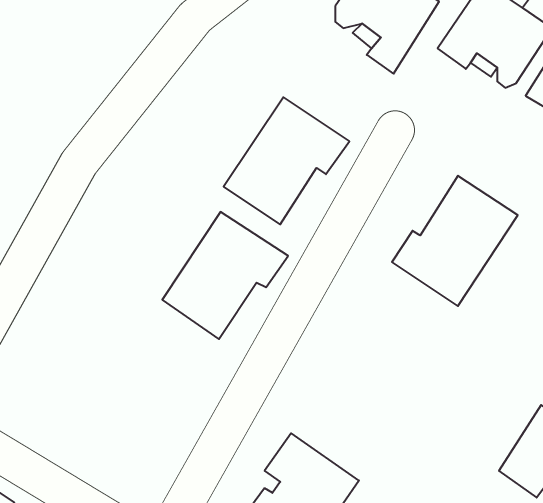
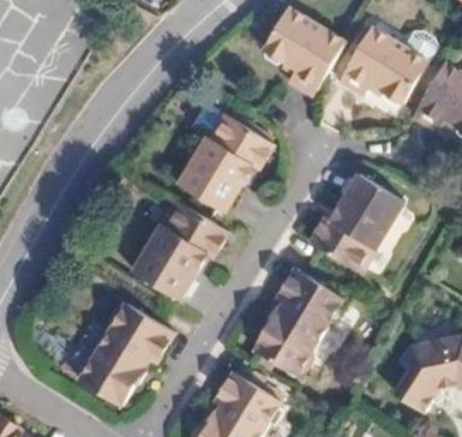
building: none -> [257,268,346,378]
building: none -> [67,297,169,397]

